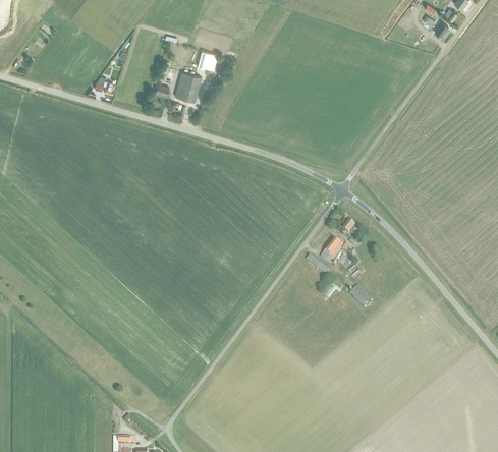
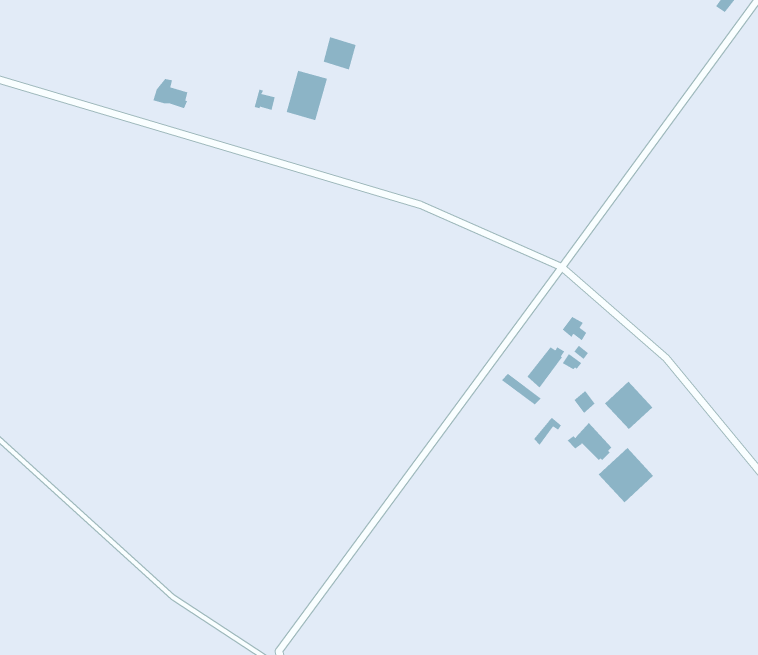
building: none -> [604,381,653,430]
building: none -> [598,447,654,503]

